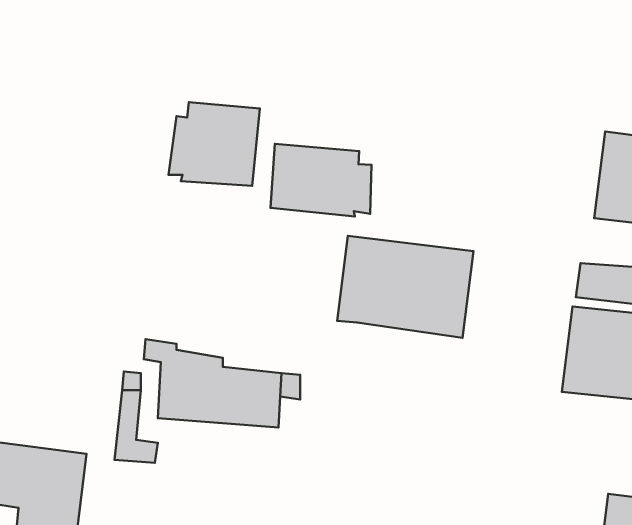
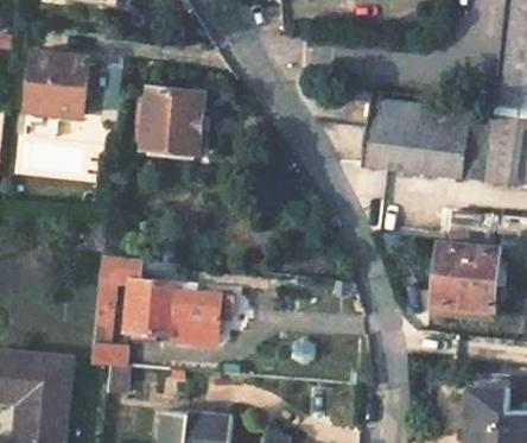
building: none -> [26,52,89,118]
building: [270,144,371,217] -> none
building: [337,236,473,338] -> [363,99,468,177]

